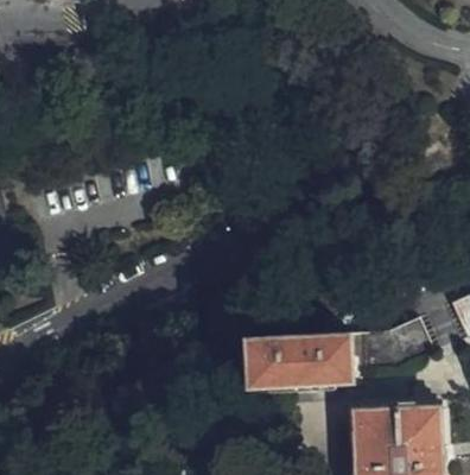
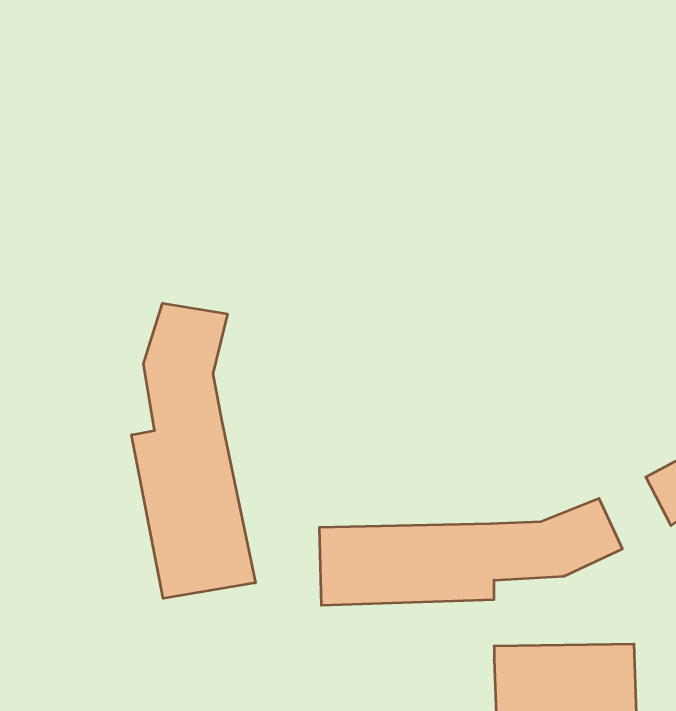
building: none -> [132,303,255,598]

